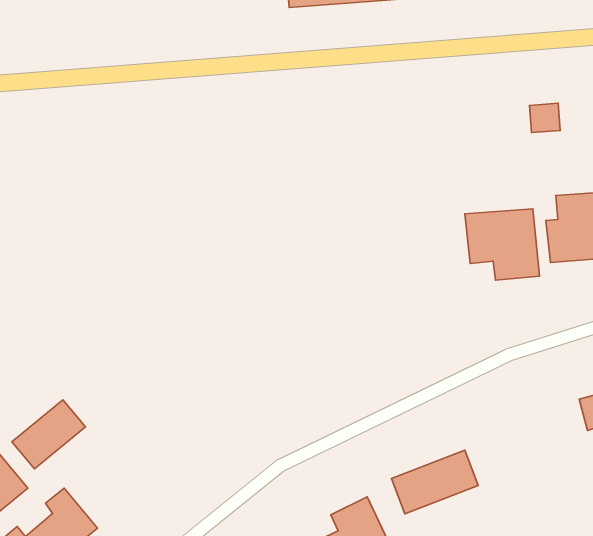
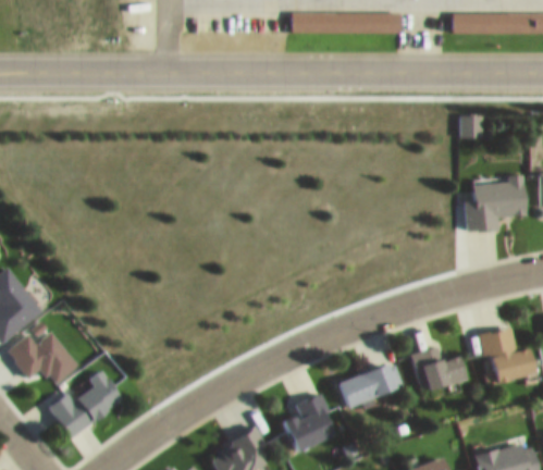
building: [465,209,540,280] -> none
building: [12,400,86,469] -> none
building: none -> [409,346,466,388]

